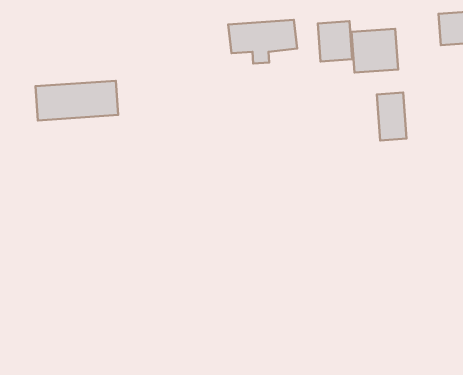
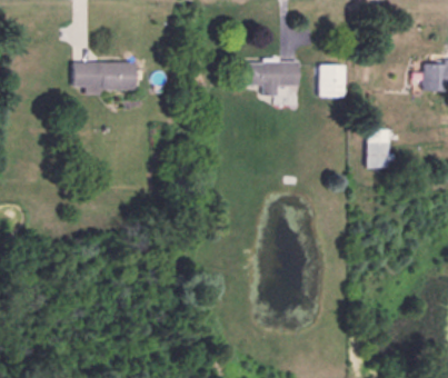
building: [352,29,398,73] -> none
building: [36,81,118,120] -> [78,61,146,90]

